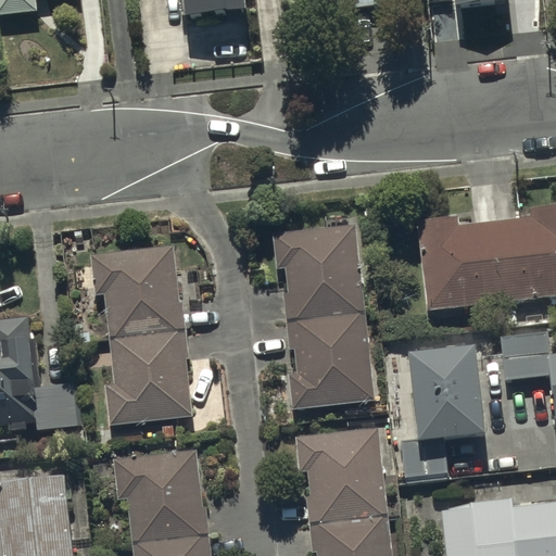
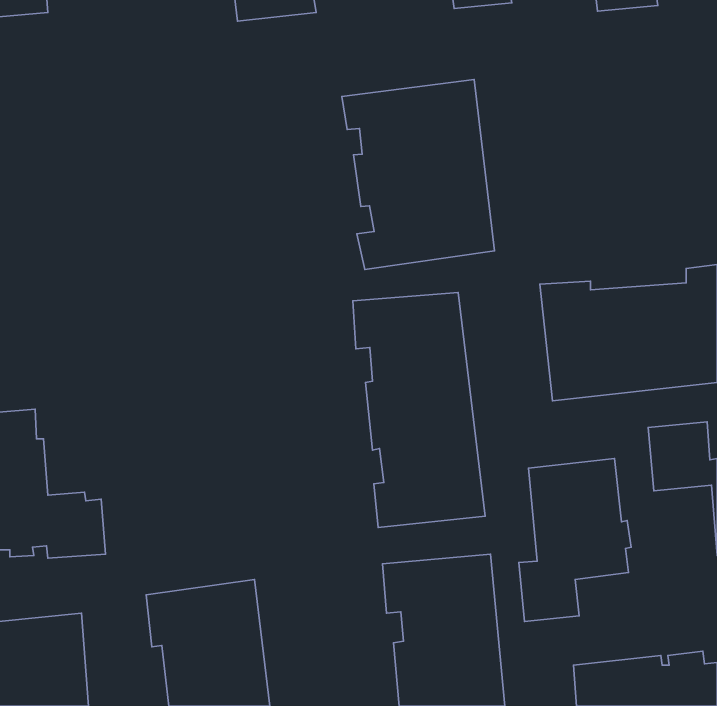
building: none -> [342,80,495,270]
building: [91,248,192,425] -> none

